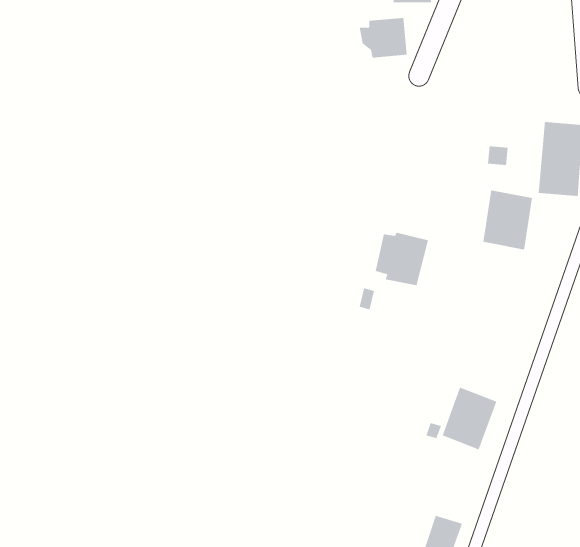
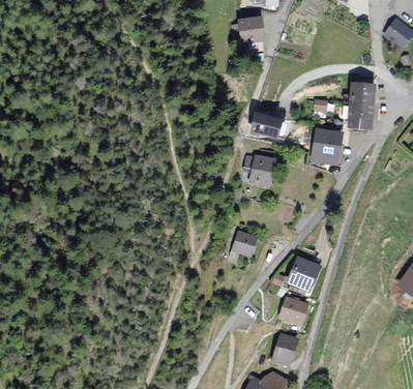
building: none -> [250,112,274,136]
building: none -> [229,230,258,262]
building: none -> [278,296,308,326]

